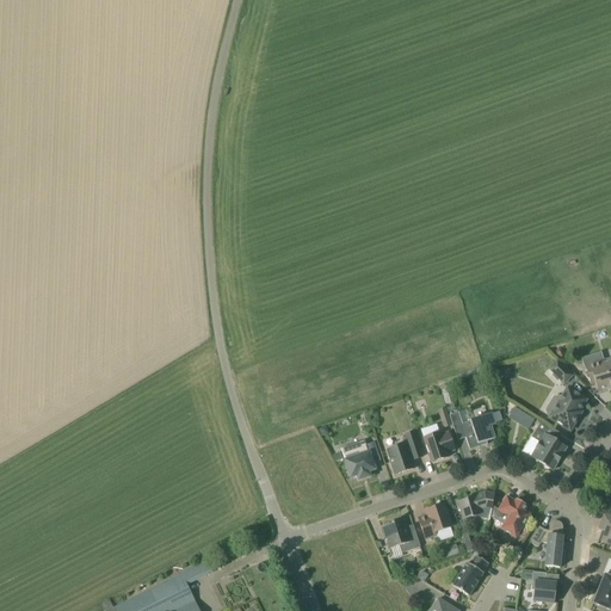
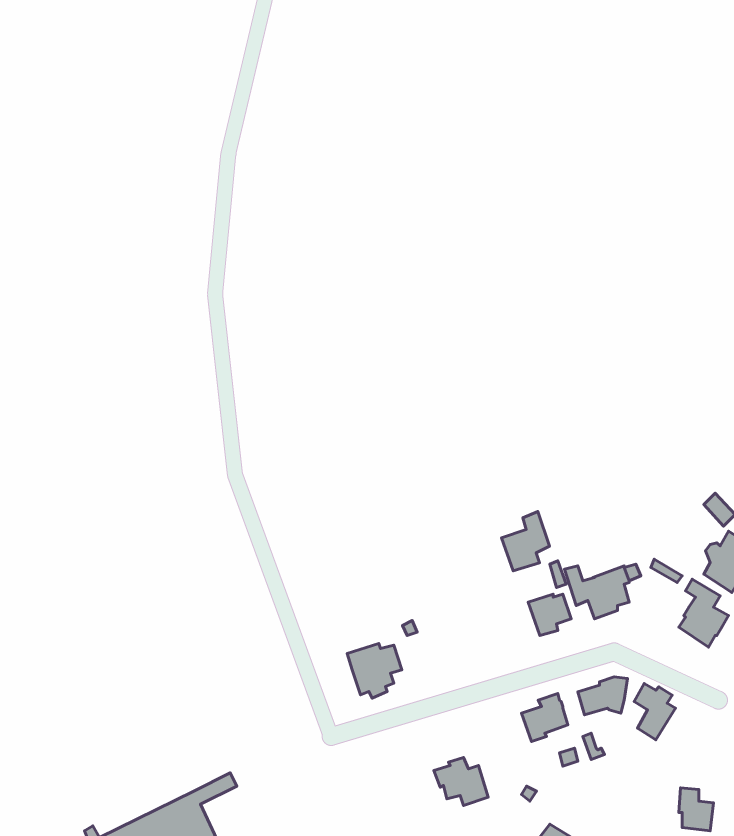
building: [387,431,421,474] -> [501,511,549,571]
building: [341,440,381,480] -> [347,643,402,698]
building: [381,518,420,553] -> [434,757,488,805]
building: [529,520,563,567] -> none
building: [452,555,488,595] -> none

